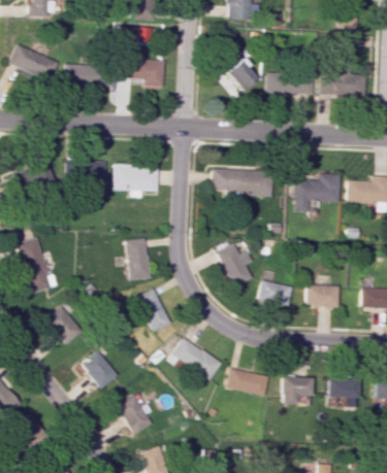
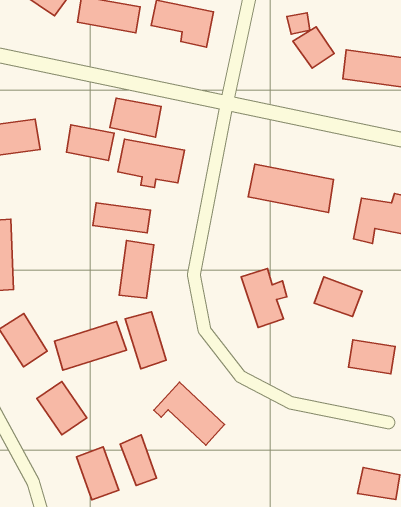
building: none -> [110,98,161,137]
building: none -> [93,203,150,233]
building: [258,280,292,306] -> [314,277,362,316]
building: none -> [55,322,126,370]
building: [227,368,269,397] -> none
building: [282,377,313,404] -> none
building: none -> [120,435,157,486]

